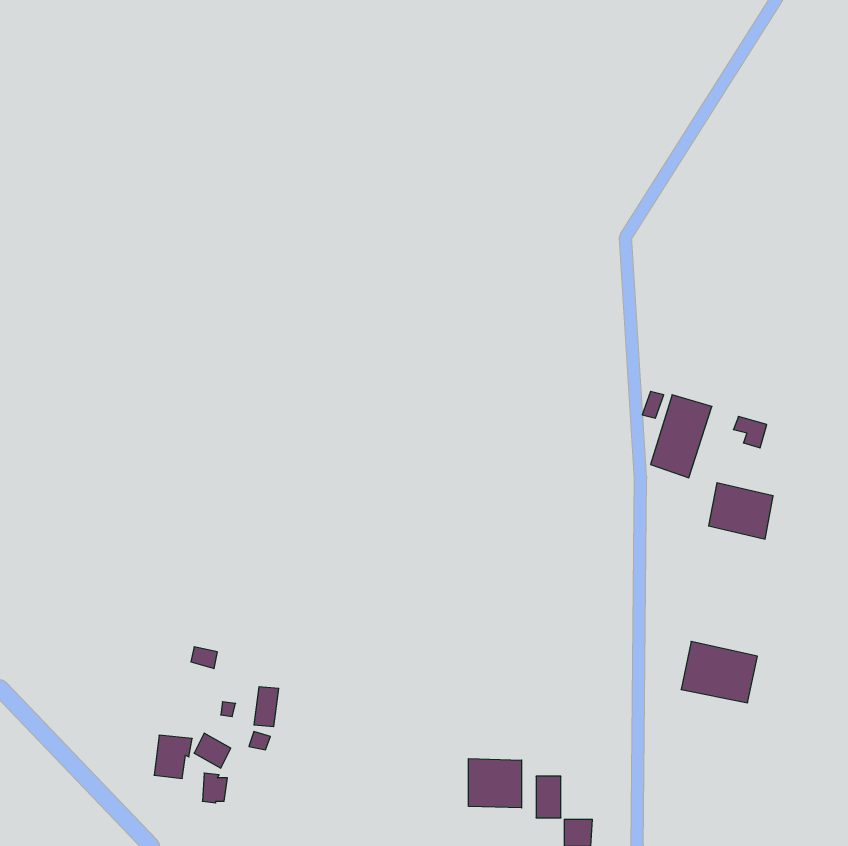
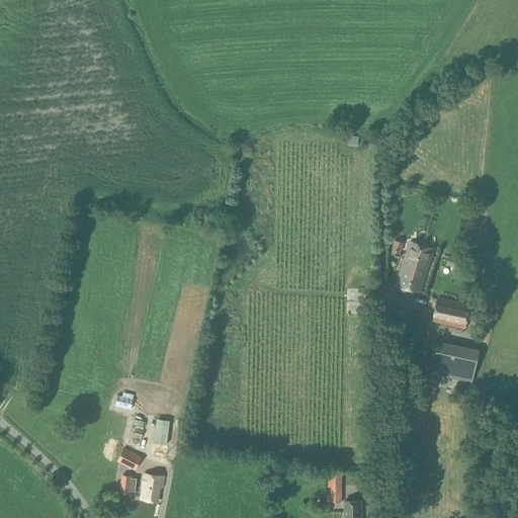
building: [681,641,757,703] -> [433,342,480,379]
building: [154,735,192,778] -> [141,473,164,500]
building: [469,759,522,808] -> none

